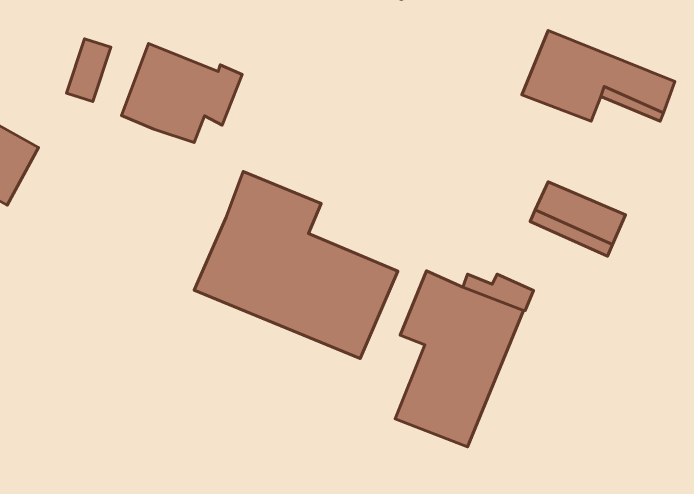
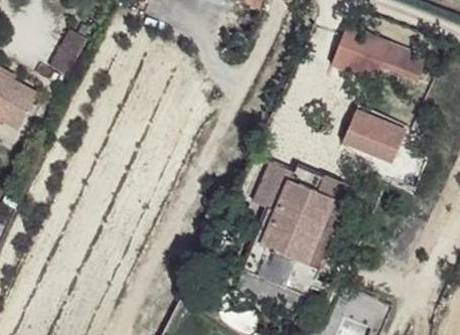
building: [121,43,242,143] -> none
building: [194,172,398,358] -> none

